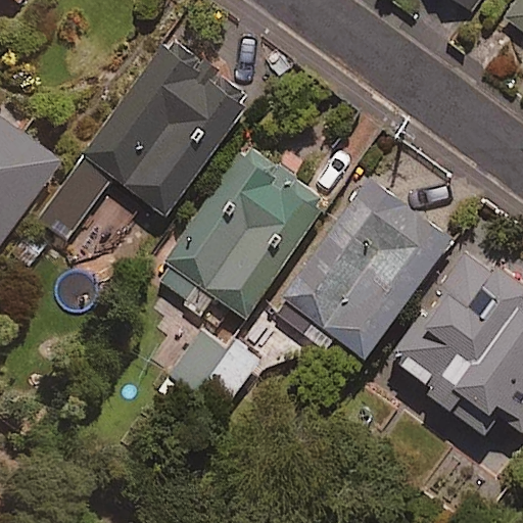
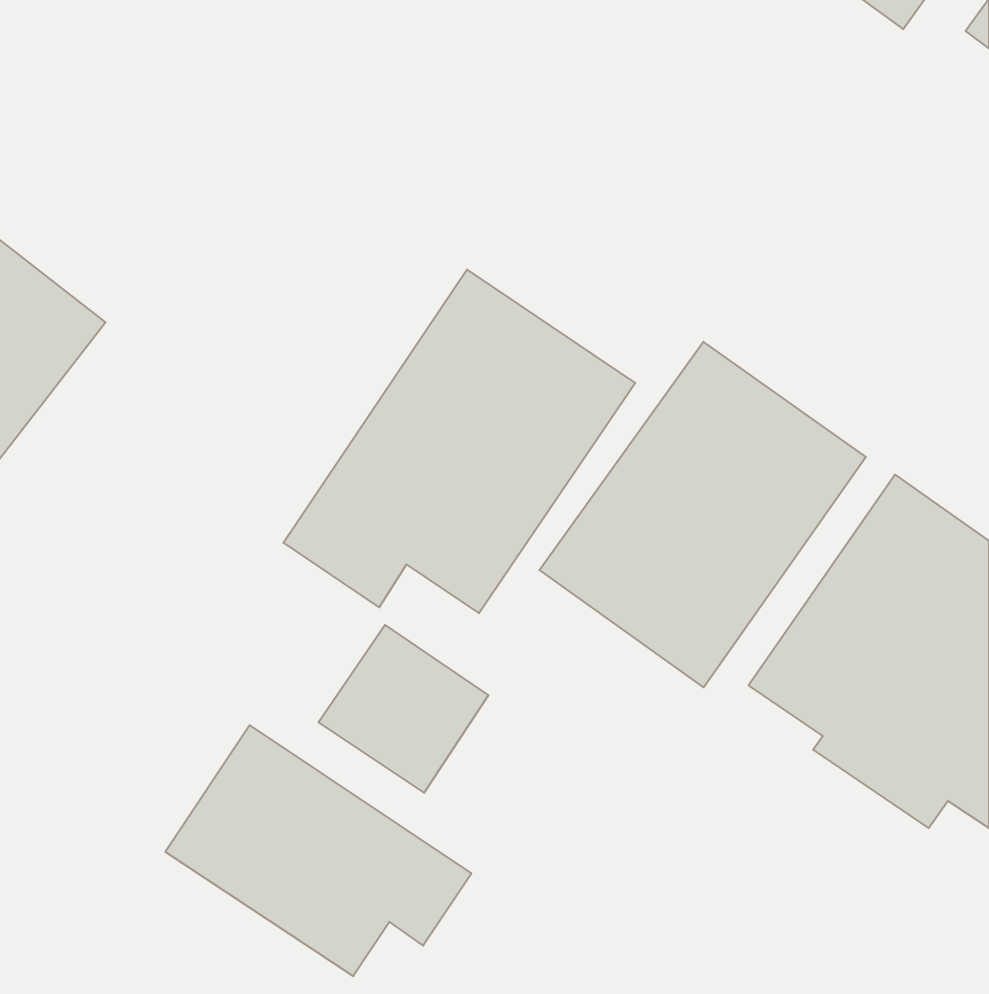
building: [42,38,251,234] -> none
building: none -> [165,725,471,976]

